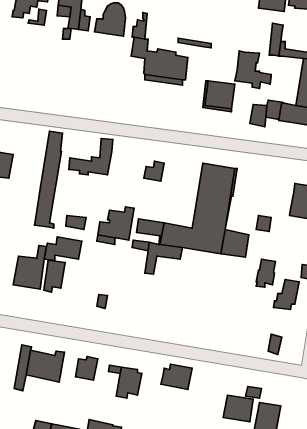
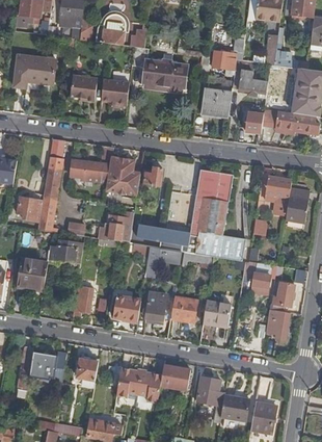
building: none -> [212,37,244,69]
building: none -> [14,54,56,87]
building: none -> [71,74,97,101]
building: none -> [101,79,129,105]
building: none -> [106,157,141,194]
building: none -> [263,177,291,213]
building: none -> [17,191,43,222]
building: [44,260,65,292] -> [73,285,93,316]
building: none -> [145,292,168,321]
building: none -> [203,293,233,324]
building: none -> [112,296,140,320]
building: none -> [170,296,197,319]
building: none -> [265,309,289,334]
building: none -> [137,371,162,402]
building: none -> [196,375,224,411]

